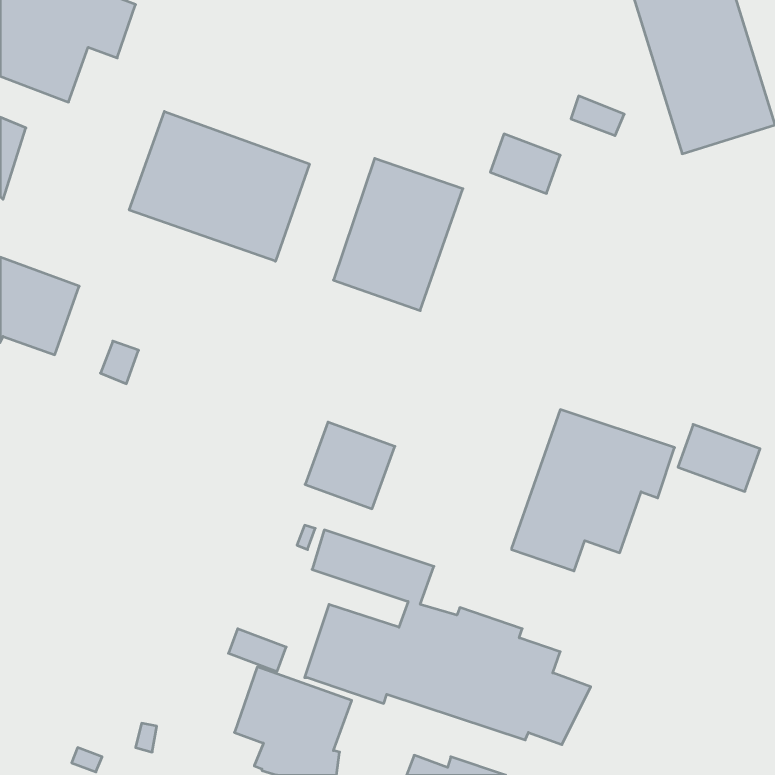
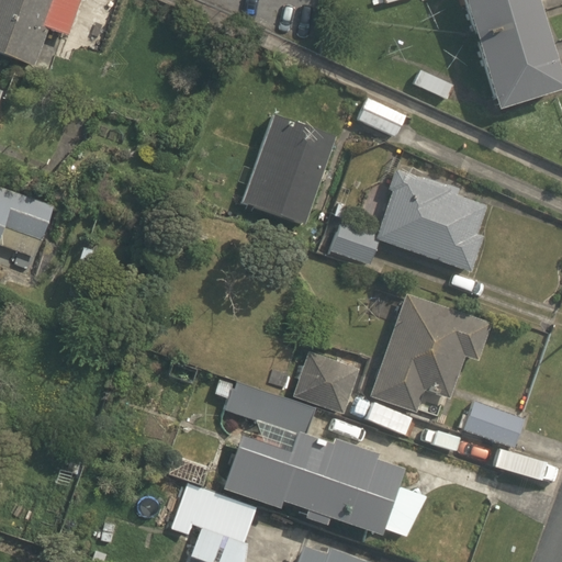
building: [129,111,309,261] -> none
building: none -> [330,168,487,273]
building: [305,422,395,509] -> [294,350,359,413]
building: [678,424,760,491] -> [464,400,524,448]

